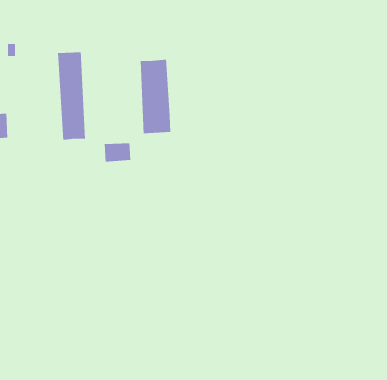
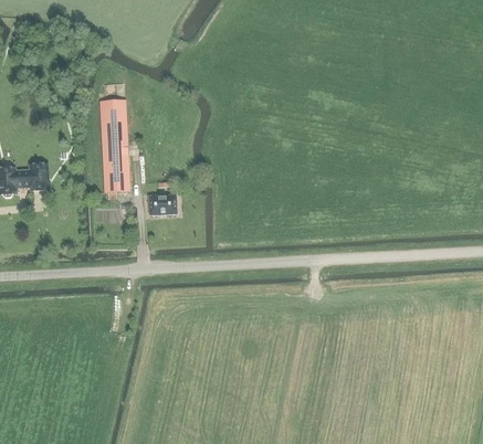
building: [140,59,171,134] -> none

